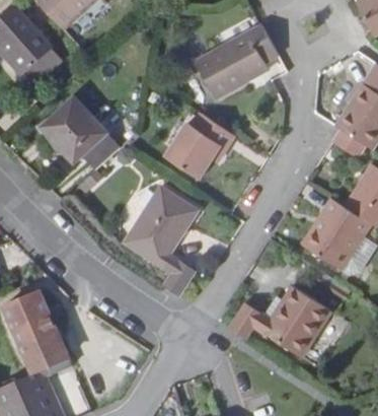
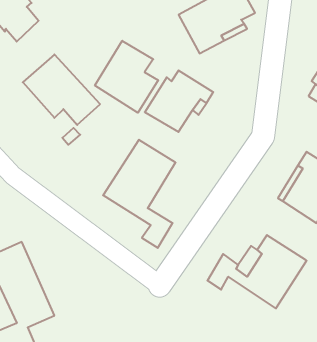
building: none -> [95,41,158,113]

